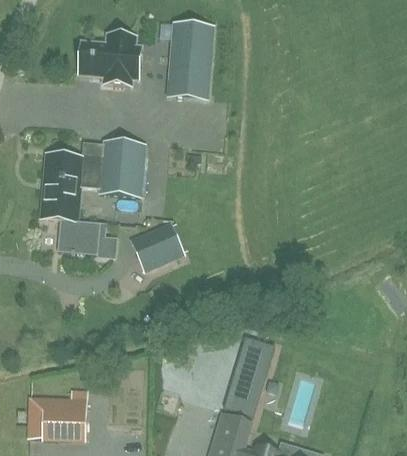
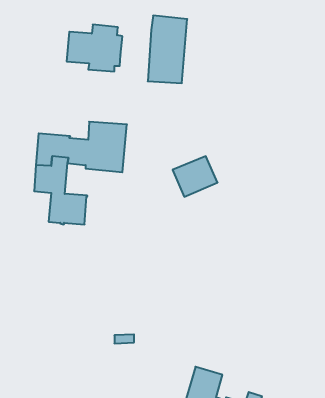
building: [132,223,182,268] -> [173,156,218,197]
building: [223,335,274,415] -> none
building: [28,395,86,437] -> none

